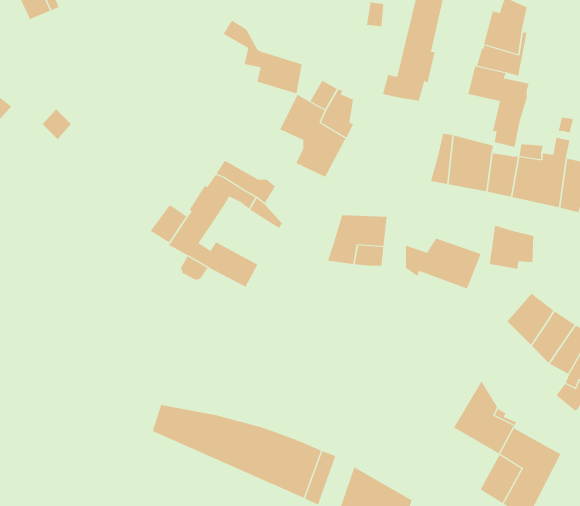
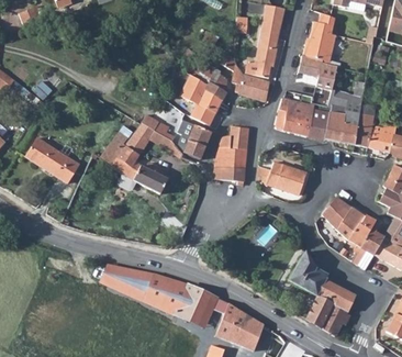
building: [223,20,302,94] -> [217,54,267,100]
building: none -> [177,120,211,158]
building: none -> [219,125,249,148]
building: none -> [25,140,78,183]
building: [489,225,534,270] -> none

